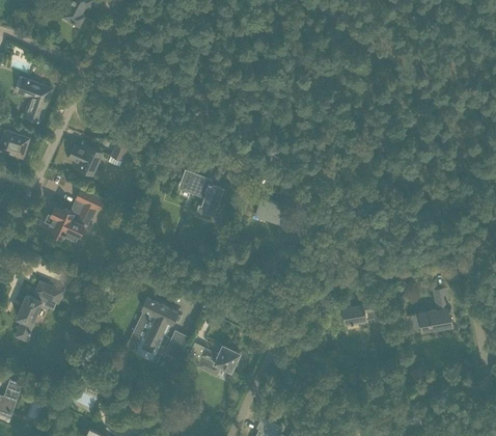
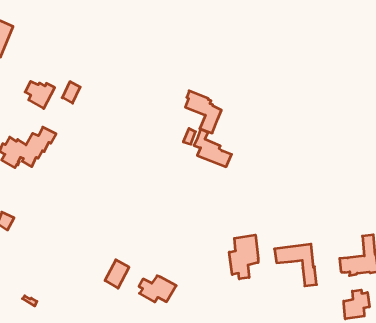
building: [182,170,220,214] -> [185,91,221,133]
building: none -> [229,235,258,279]
building: [127,298,180,361] -> none
building: none -> [344,290,369,319]

